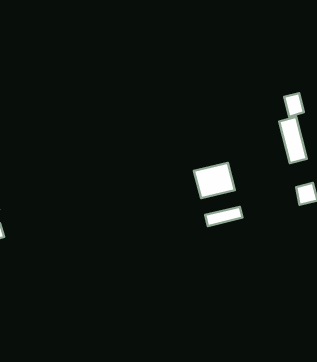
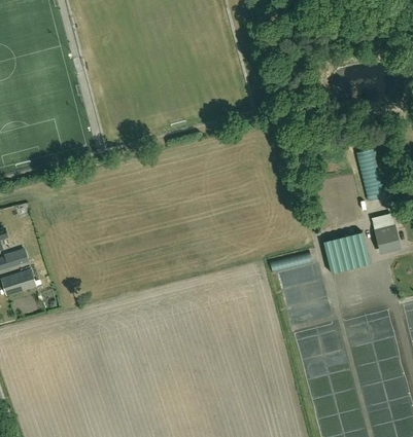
building: [284,93,304,117] -> none
building: [194,163,235,198] -> [322,232,370,274]

